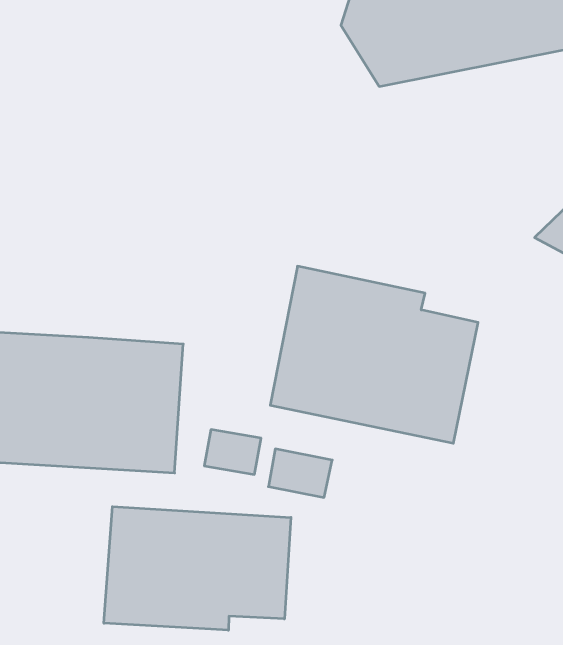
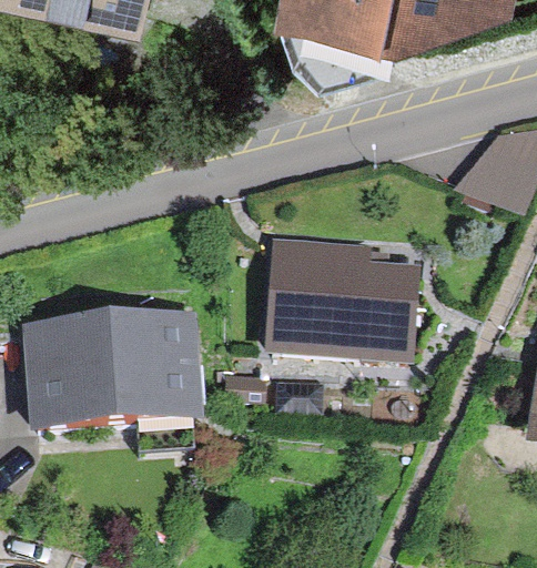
building: [104,507,291,630] -> none

